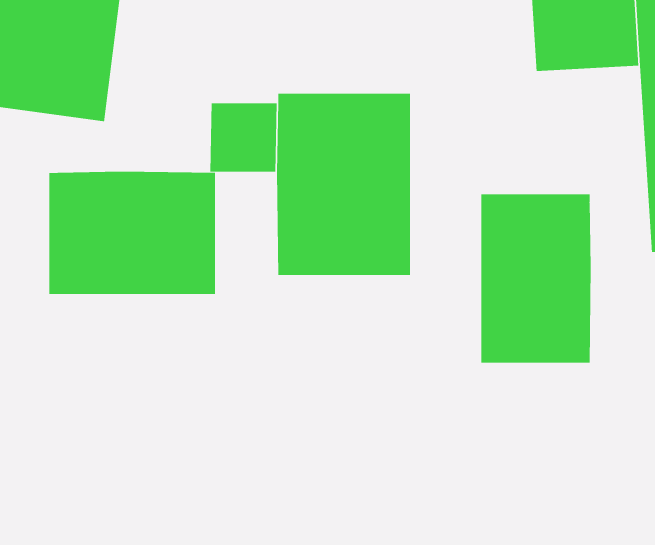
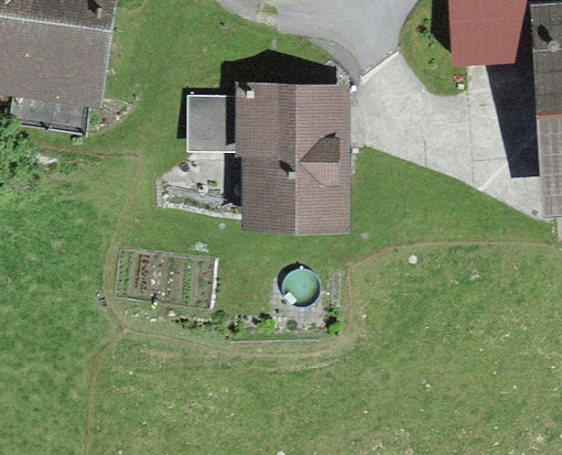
building: [49,171,216,295] -> none
building: [481,193,591,364] -> none

